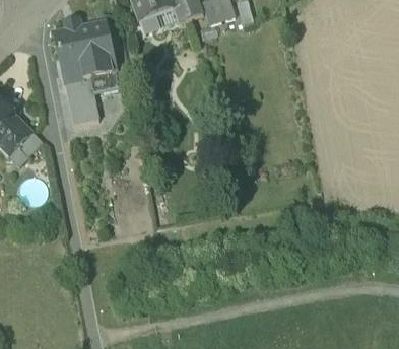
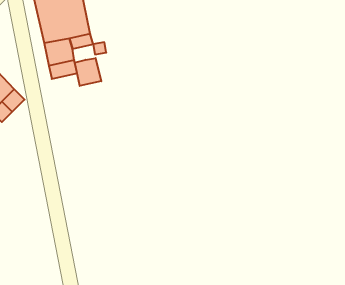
building: none -> [75,58,101,86]

